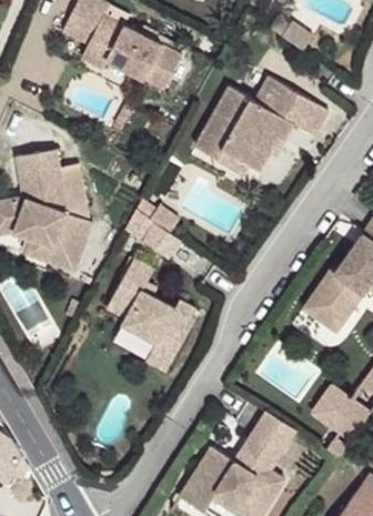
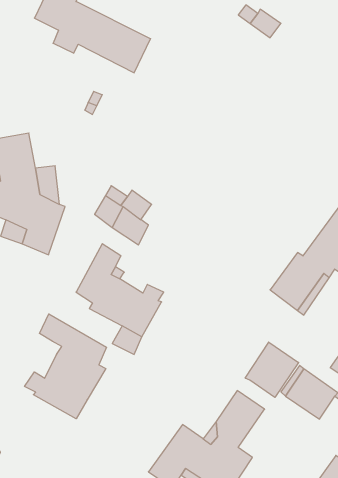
building: [195,78,329,170] -> none
building: none -> [25,314,107,419]
building: none -> [245,342,299,397]

